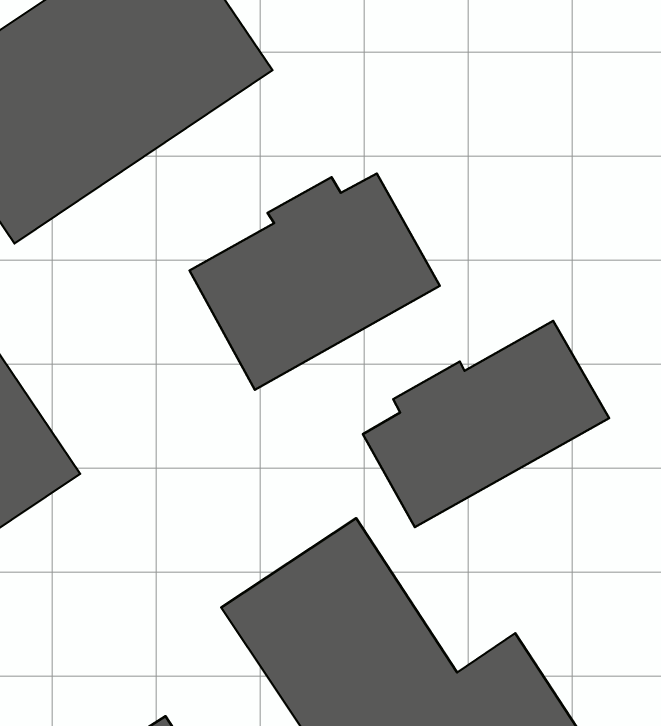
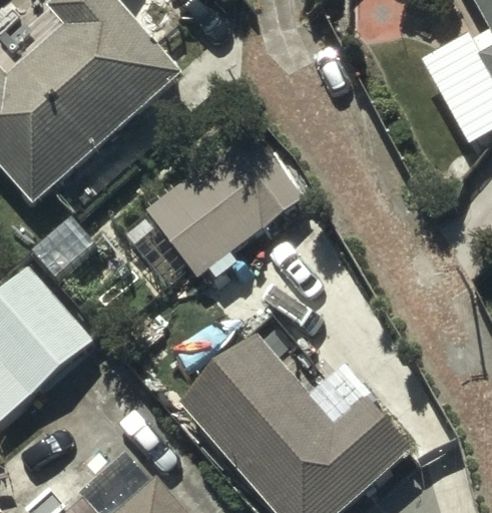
building: [363,321,609,527] -> none

